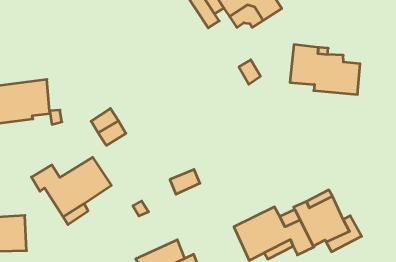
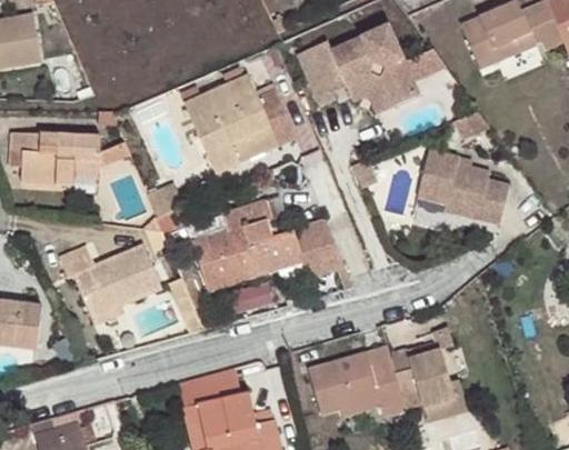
building: none -> [184,76,298,173]
building: none -> [192,201,345,290]

